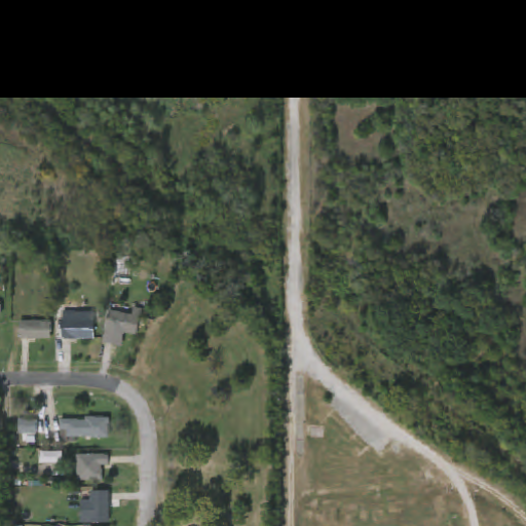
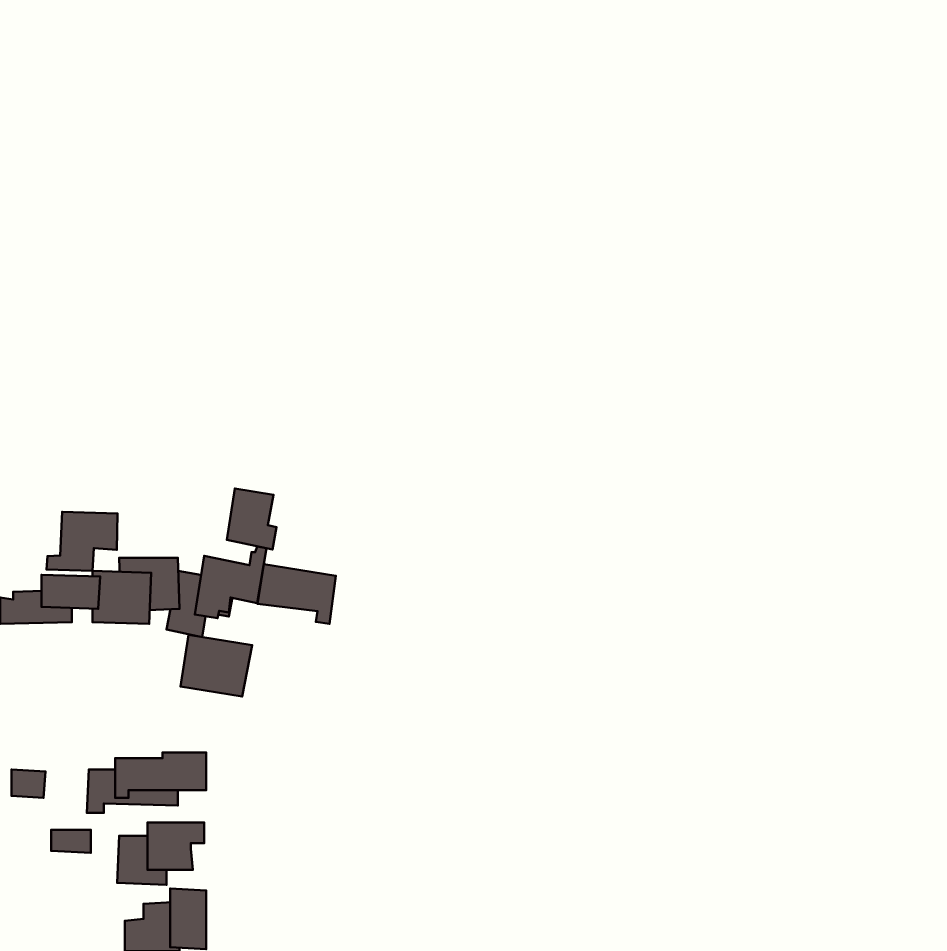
building: none -> [227,489,277,550]
building: none -> [46,512,117,571]
building: none -> [257,564,336,624]
building: none -> [180,635,252,696]

